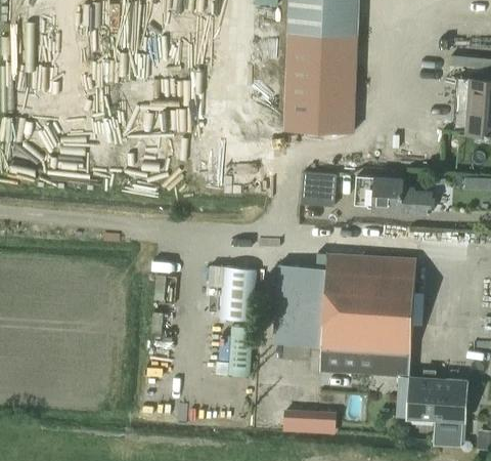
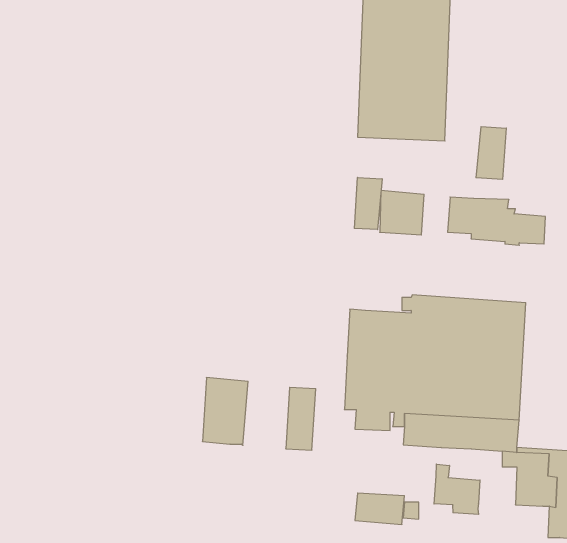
building: none -> [476,127,506,179]
building: none -> [354,177,382,230]
building: [220,267,256,321] -> [202,378,248,445]
building: none -> [434,464,480,514]

